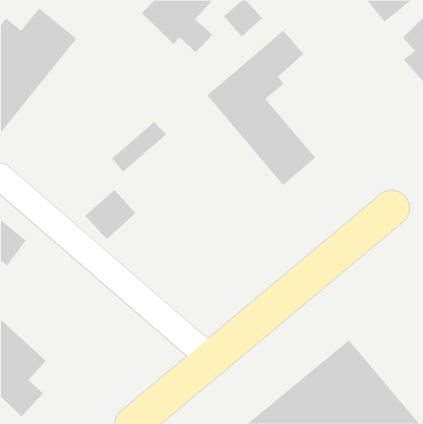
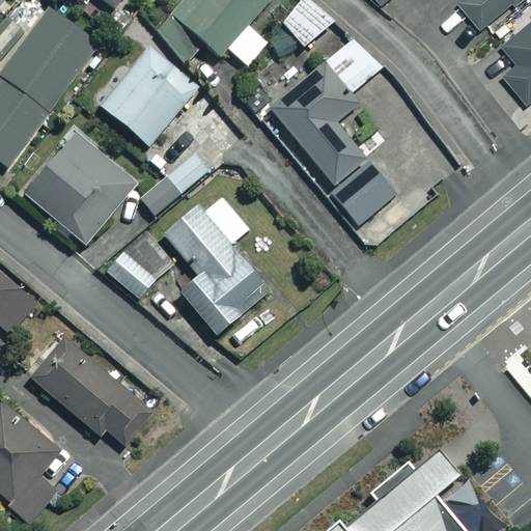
building: none -> [100,47,196,145]
building: none -> [24,133,136,245]
building: none -> [164,192,268,335]
building: none -> [30,339,152,445]

